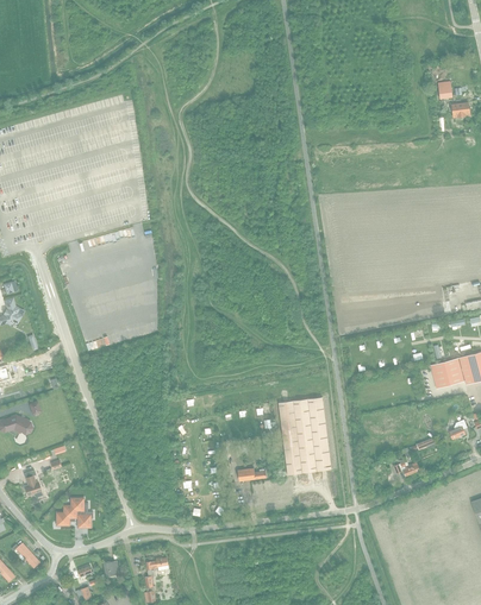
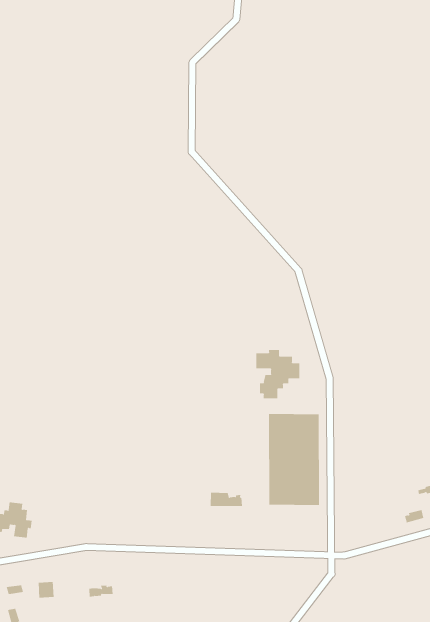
building: none -> [256,349,300,399]

